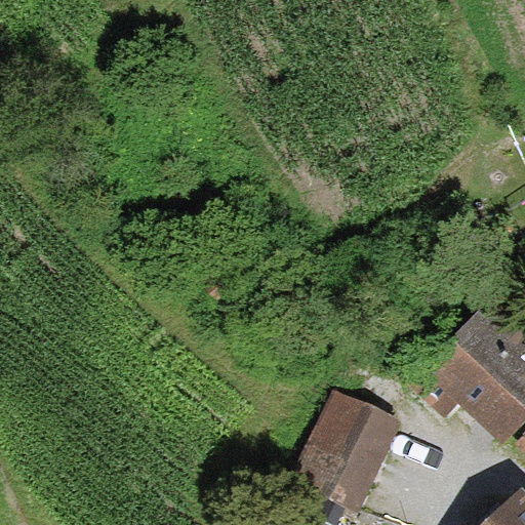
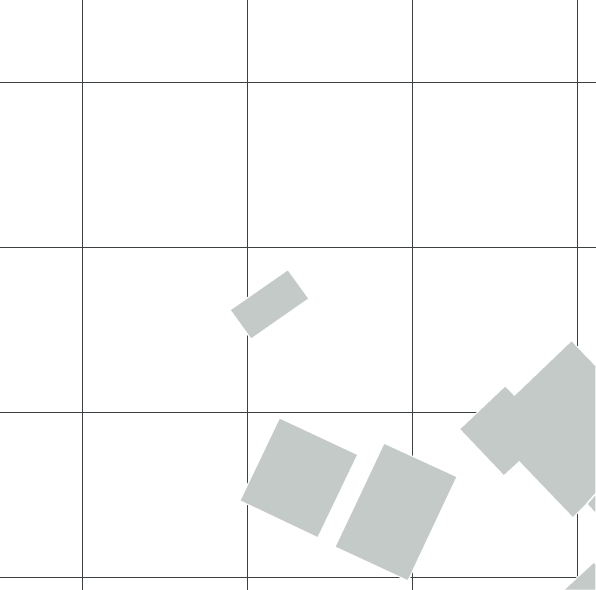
building: none -> [240,418,358,538]

